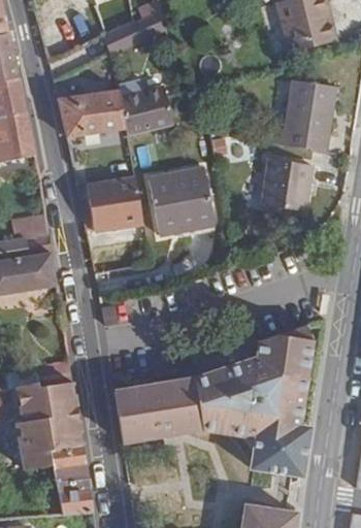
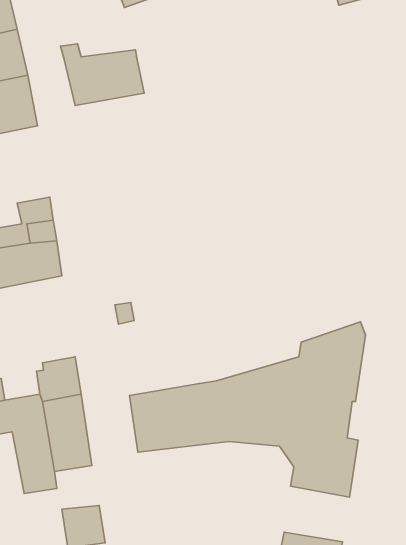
building: [284,80,337,153] -> none
building: [121,88,175,137] -> none
building: [263,159,314,211] -> none
building: [151,169,216,235] -> none
building: [86,176,144,233] -> none
building: [51,446,89,483] -> none

